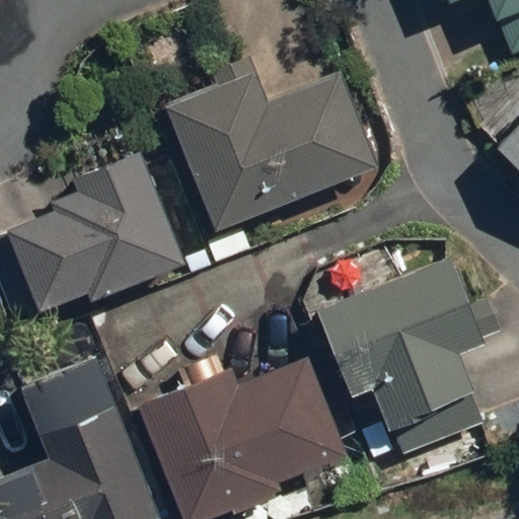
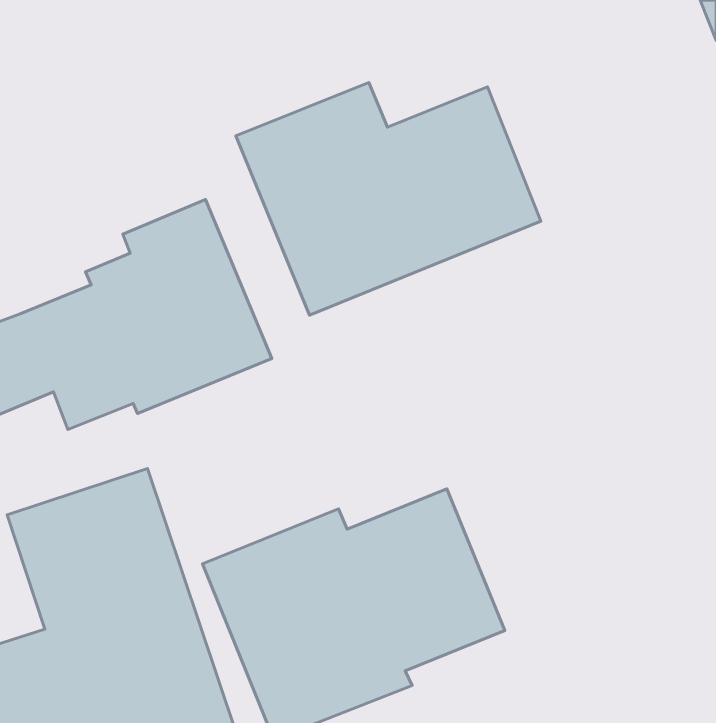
building: [323,257,492,454] -> none

